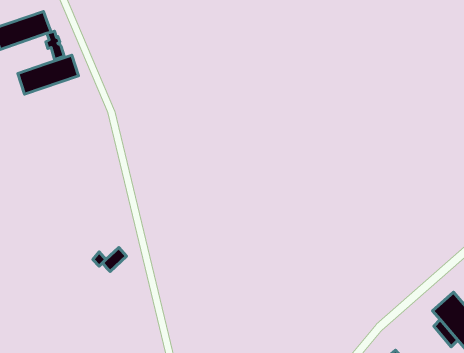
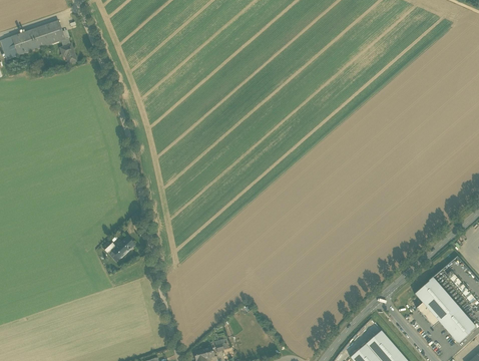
building: [18,55,78,94] -> none

